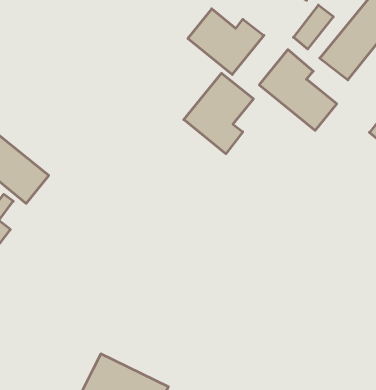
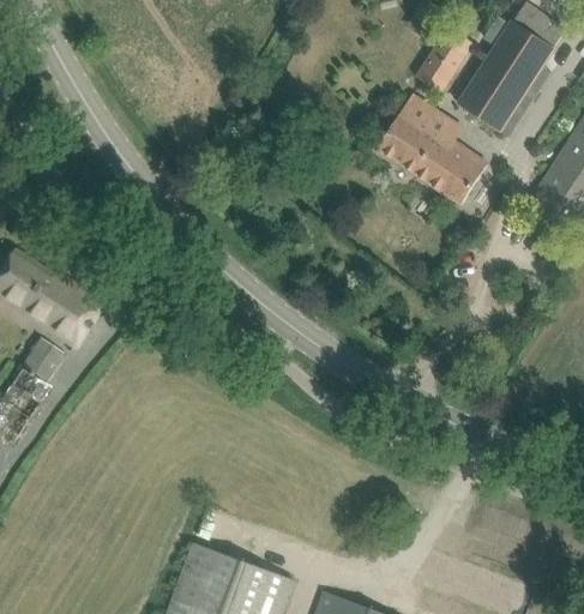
building: [188,9,264,75] -> none
building: [184,73,253,154] -> none

